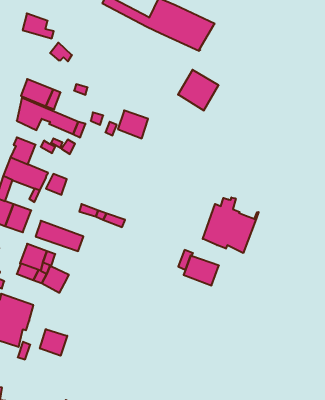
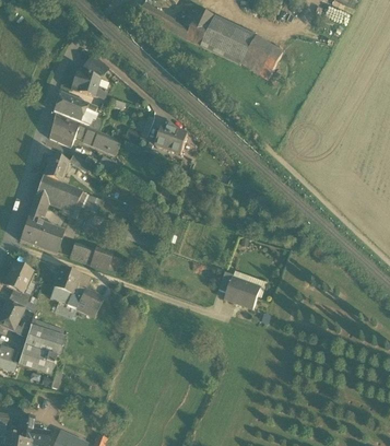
building: [23,13,54,38] -> [73,71,106,97]
building: [178,70,219,110] -> [241,36,284,79]
building: [203,197,259,253] -> none
building: [40,329,67,356] -> none

